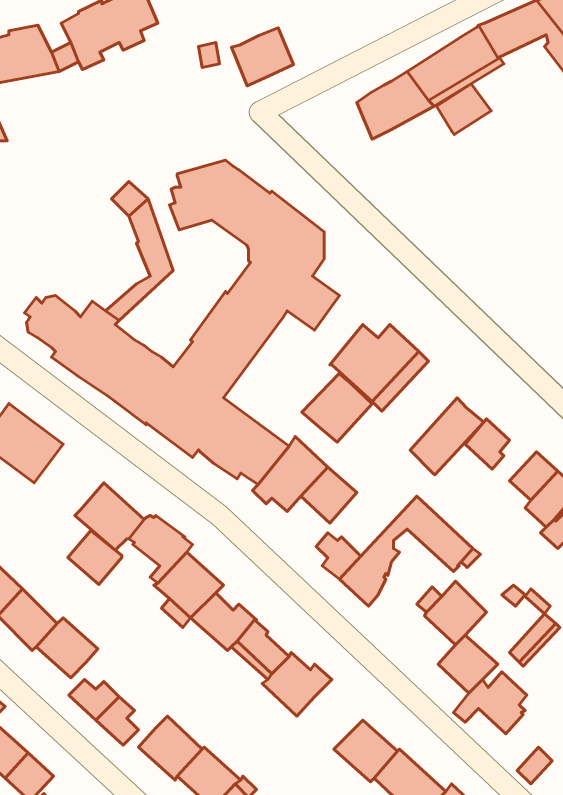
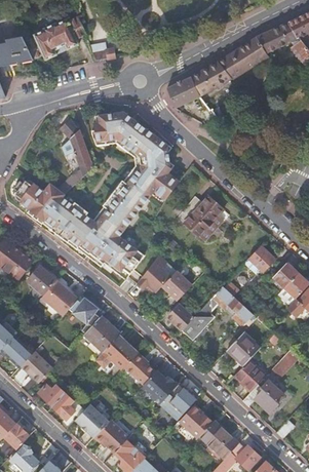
building: [232,28,293,86] -> [166,77,199,108]
building: [436,84,491,134] -> none
building: [302,374,372,442] -> none
building: [410,398,484,475] -> none
building: [68,531,122,585] -> [28,265,56,293]
building: none -> [159,386,197,421]

